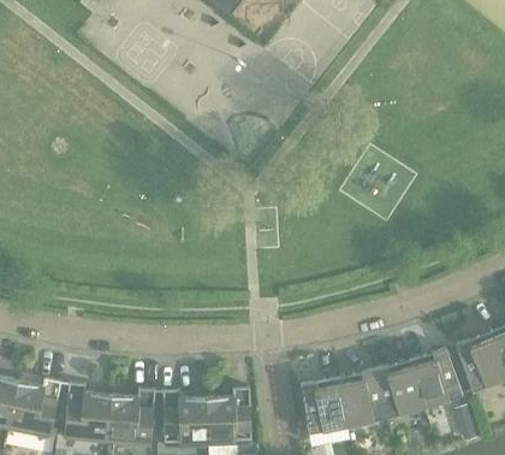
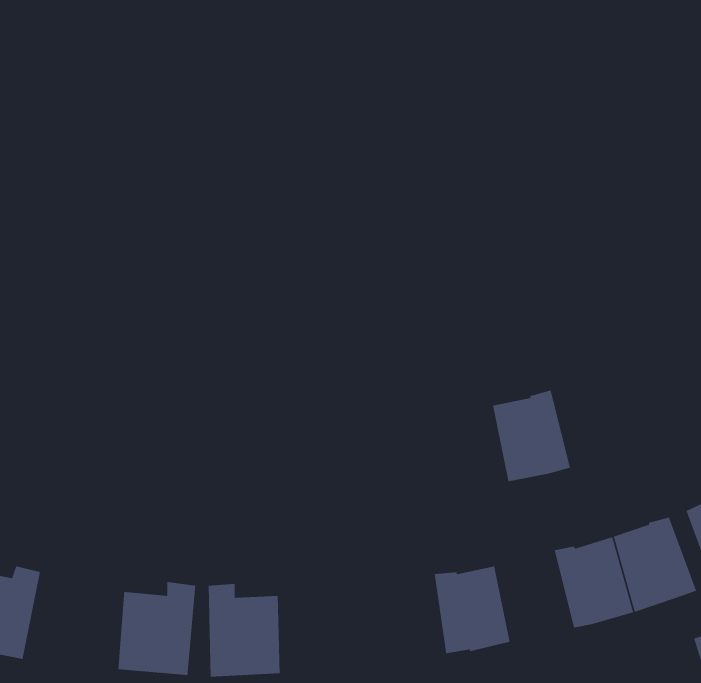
building: [338,370,386,426] -> [492,390,571,482]
building: [64,383,111,443] -> none
building: [206,389,250,445] -> none

